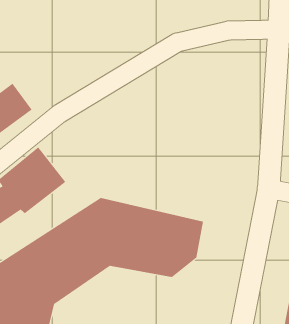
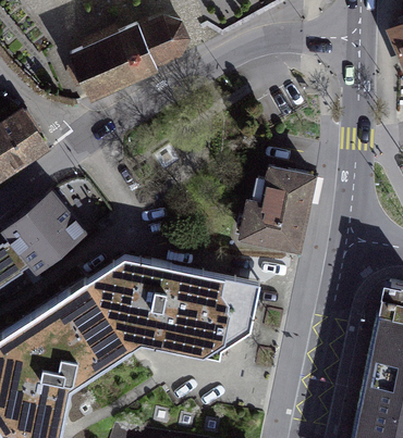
building: none -> [69,22,187,100]
building: none -> [242,165,310,248]

